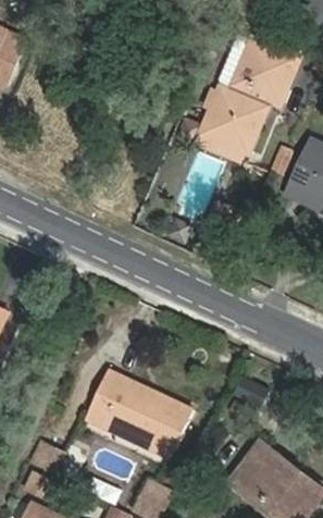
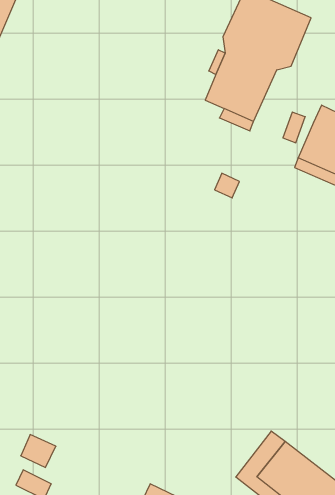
building: [87,371,191,458] -> none

